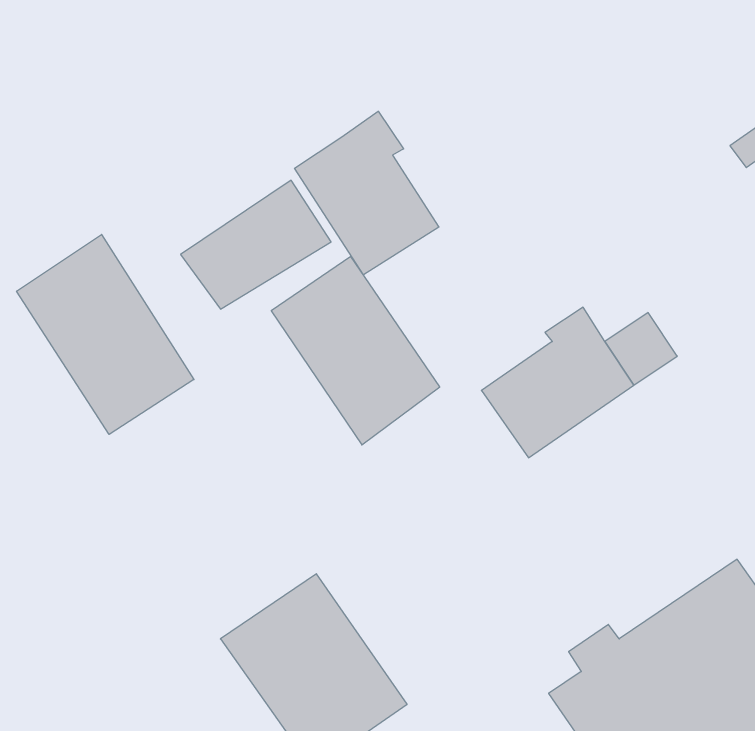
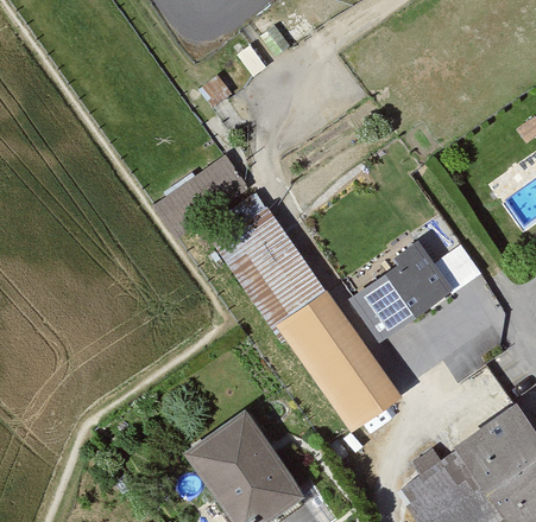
building: [295,111,439,275] -> none
building: [17,234,194,434] -> none
building: none -> [276,291,405,435]

